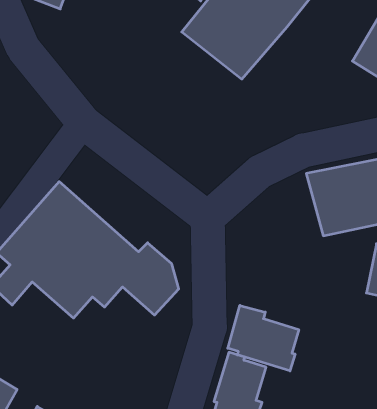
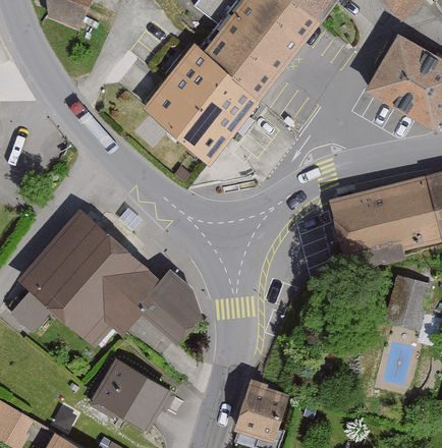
building: none -> [139,47,263,170]
building: [228,305,299,371] -> none
building: none -> [91,359,166,430]

